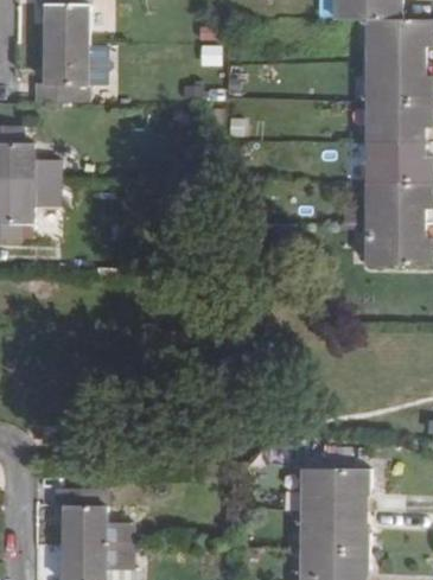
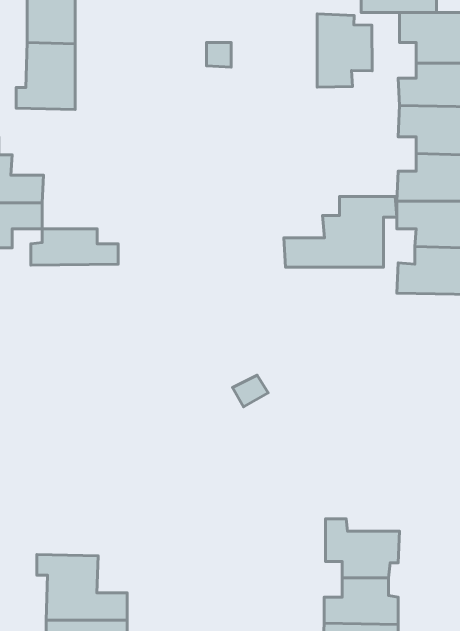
building: none -> [317,14,372,87]
building: none -> [284,196,397,267]
building: none -> [31,229,118,265]

